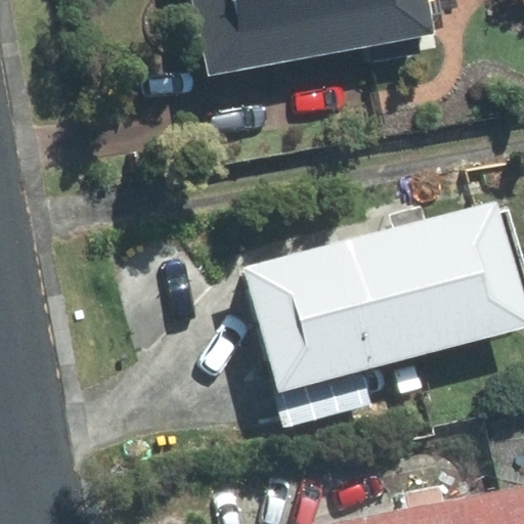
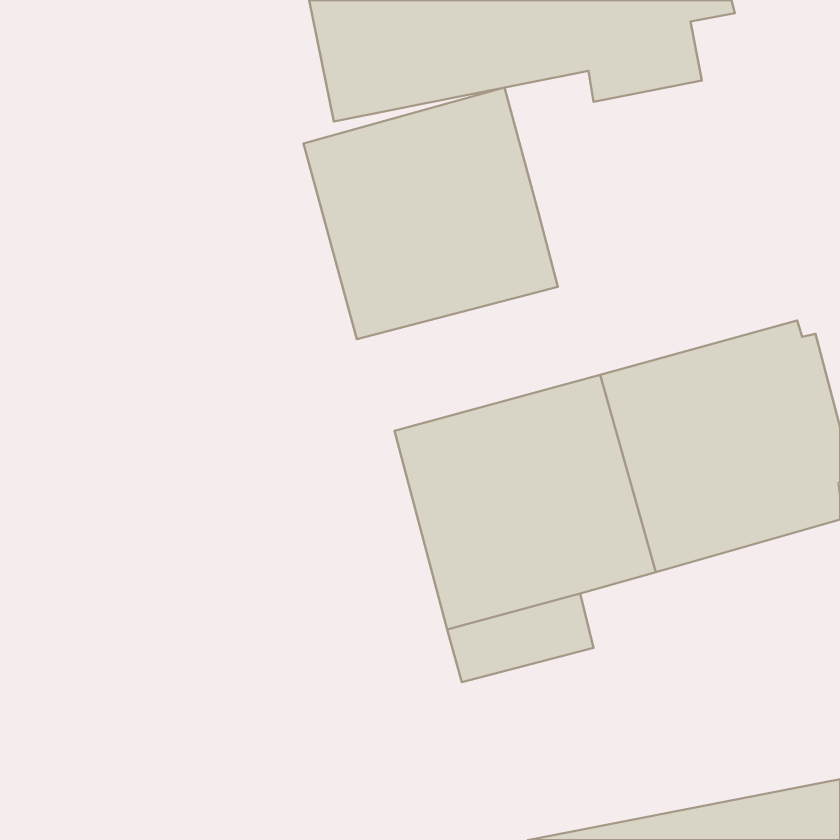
building: none -> [304,88,558,339]

